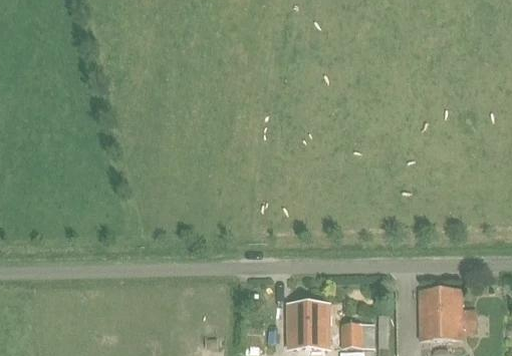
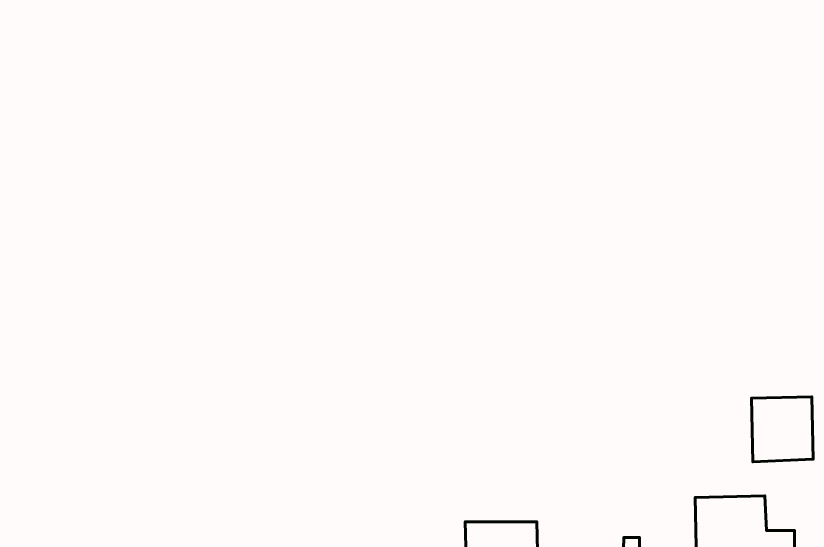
building: none -> [752,397,813,462]

